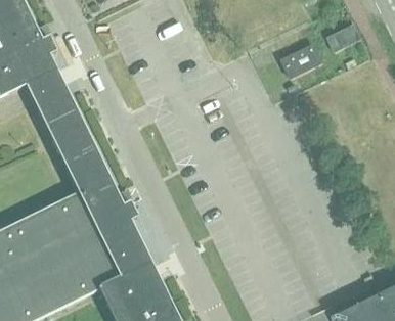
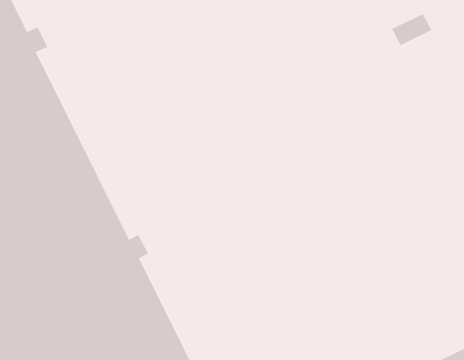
building: [281,44,321,76] -> none

